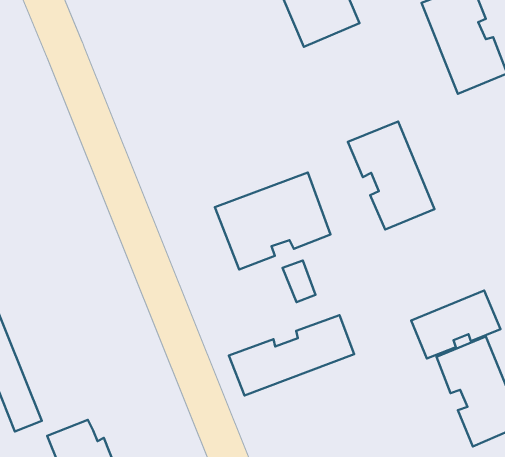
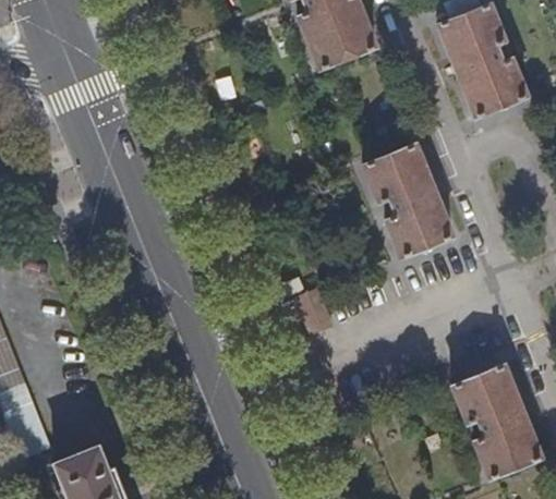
building: [215,172,330,269] -> none
building: [411,291,500,359] -> none
building: [229,315,354,395] -> none

